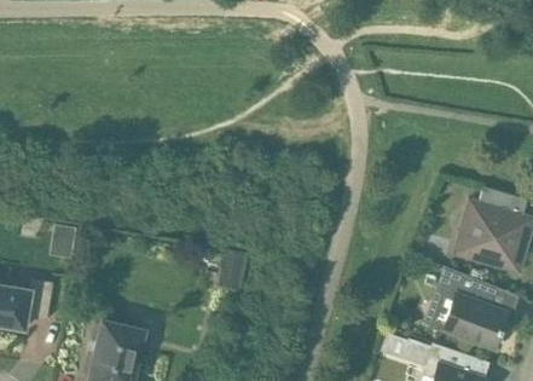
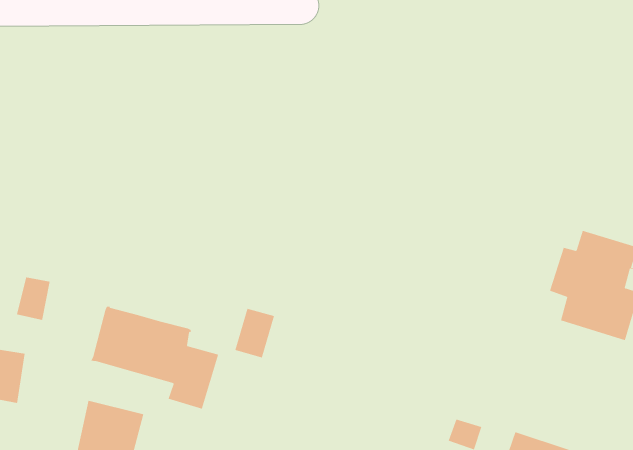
building: none -> [90,306,219,409]
building: [440,267,506,347] -> none

